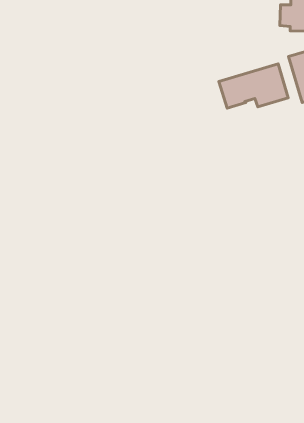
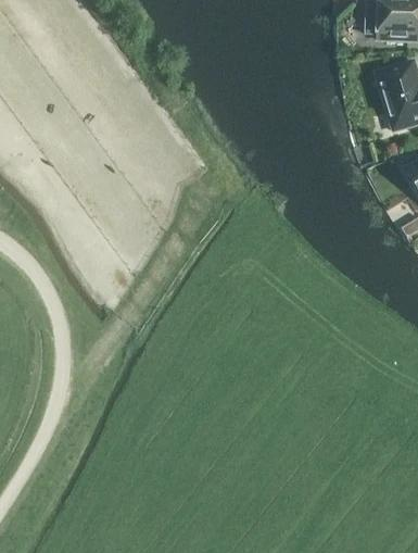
building: [219,64,288,108] -> none

